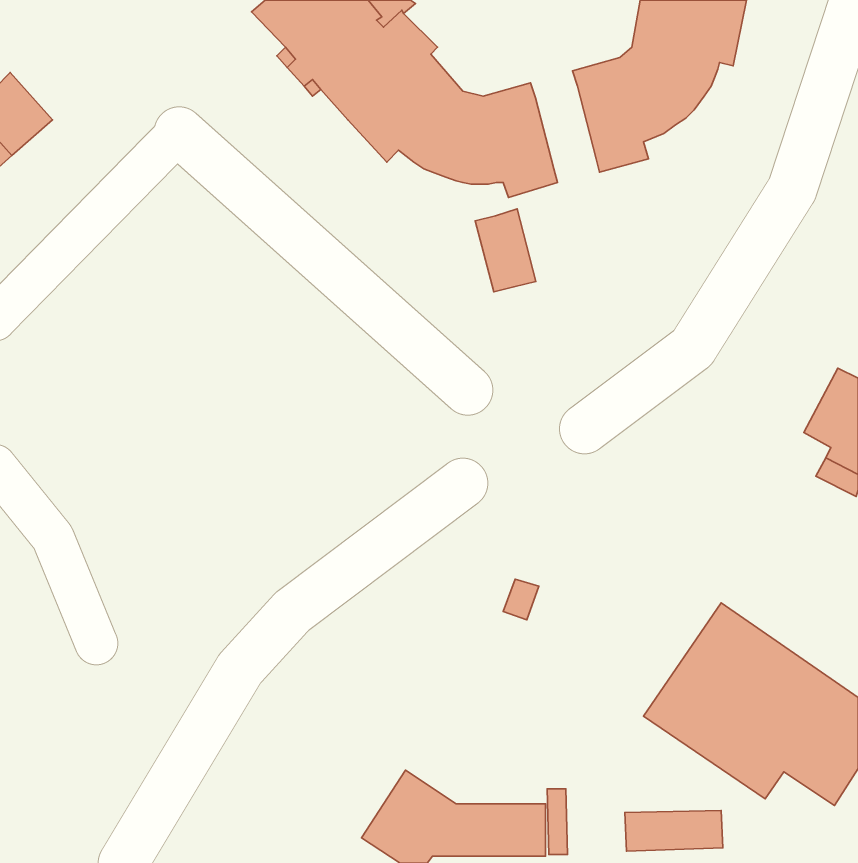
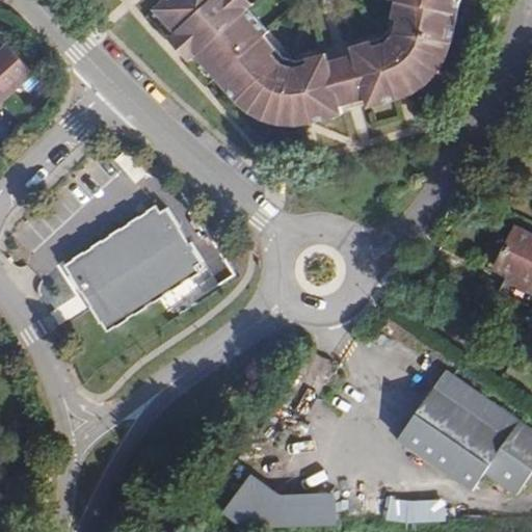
building: [475,209,536,292] -> [329,53,367,104]
building: none -> [70,200,207,326]

